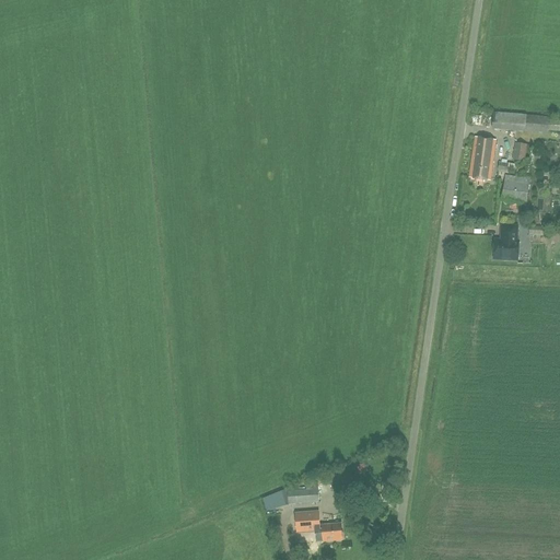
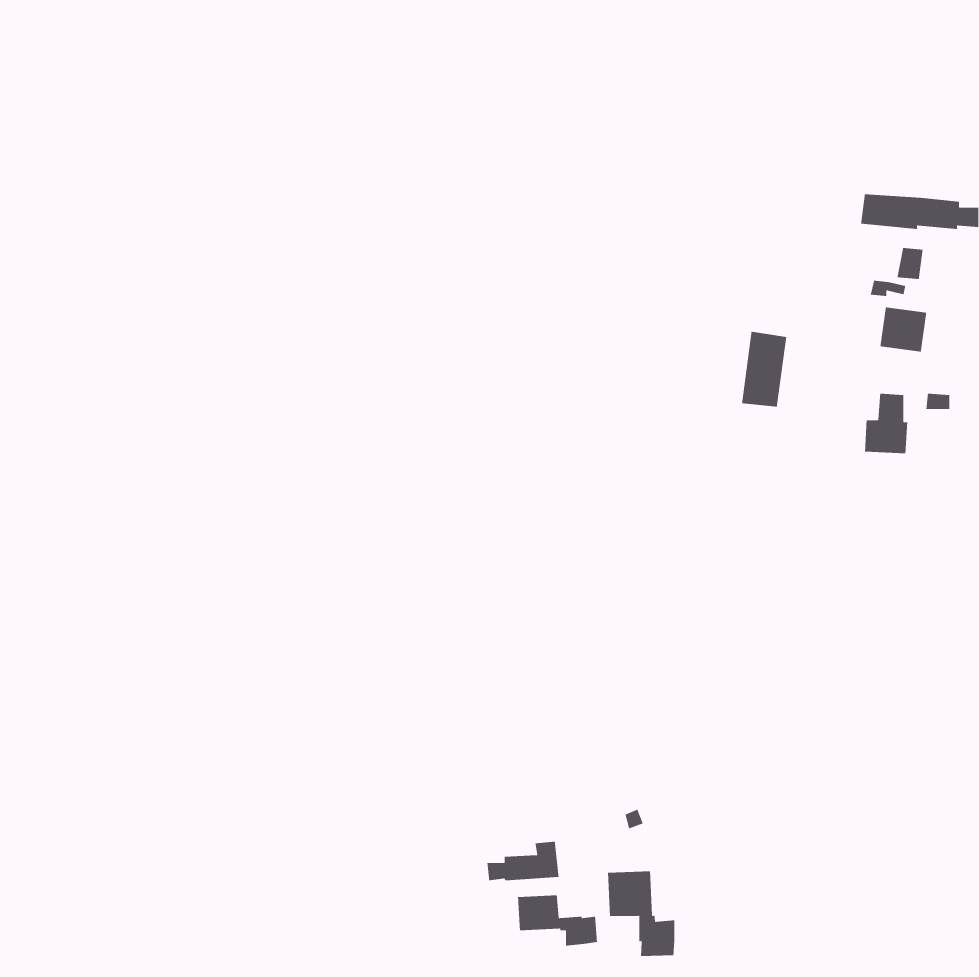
building: [469,136,495,179] -> [741,331,787,408]
building: none -> [607,870,675,957]

